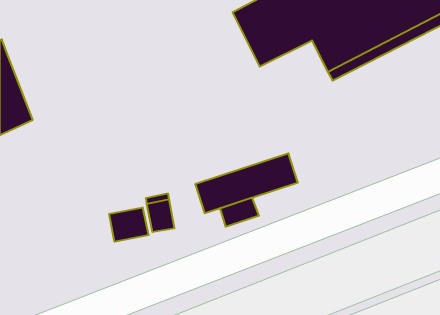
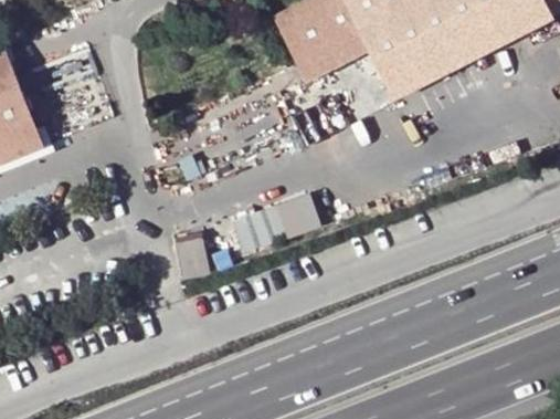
building: [220,198,259,227] -> none
building: [109,207,149,242] -> none

